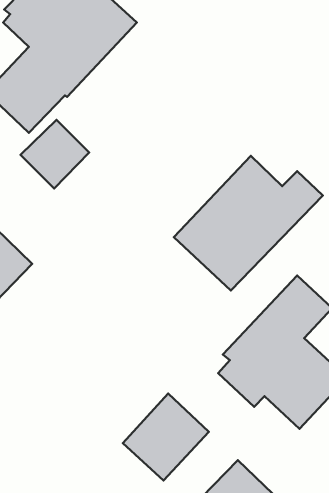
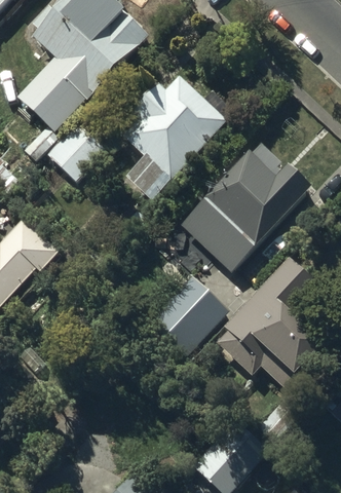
building: none -> [123,78,238,204]
building: [123,393,209,480] -> [151,276,227,353]

